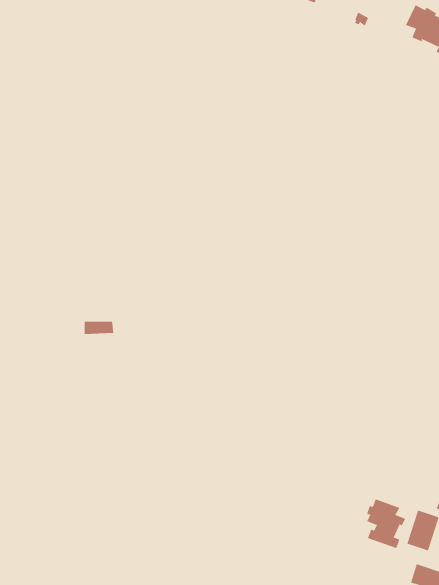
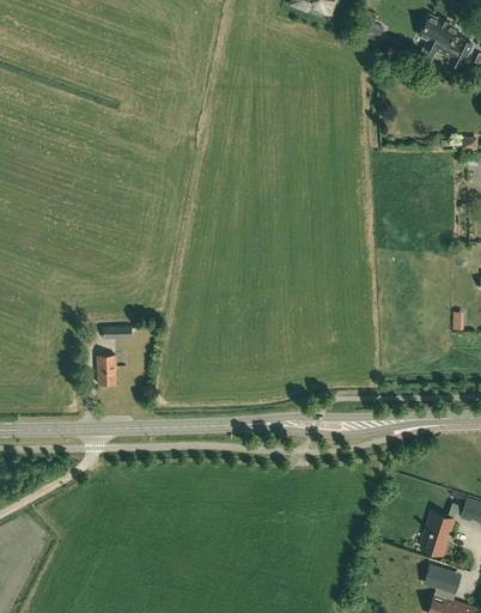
building: none -> [97,356,117,384]
building: [366,498,406,549] -> none

